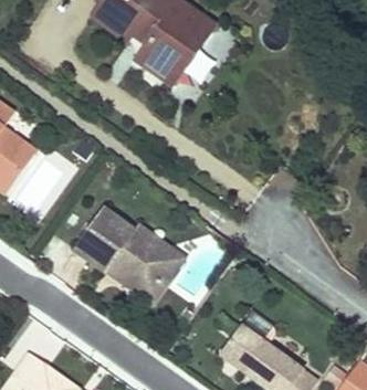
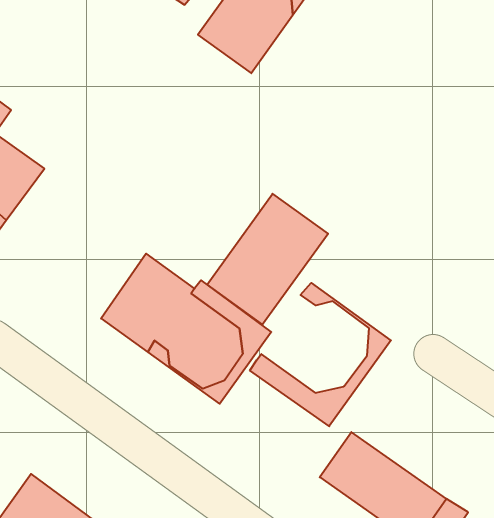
building: none -> [207,194,328,325]
building: none -> [250,283,391,426]

